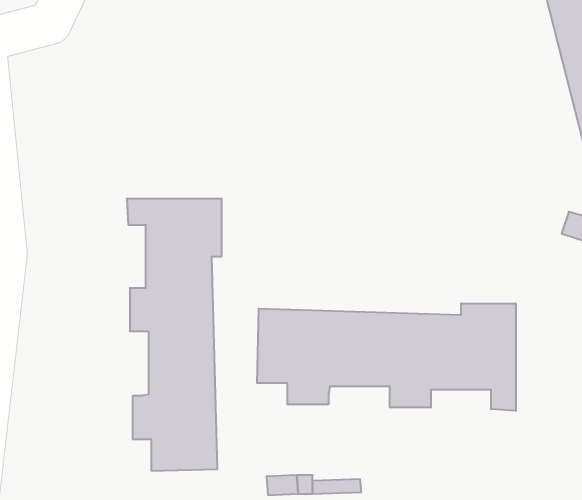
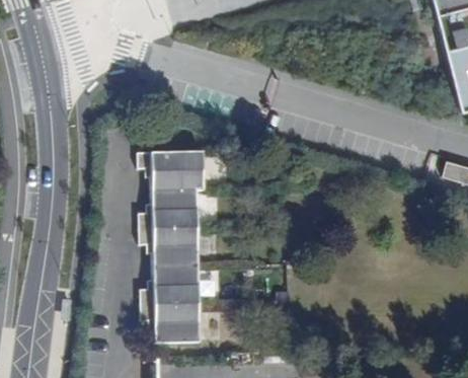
building: [257,303,516,411] -> none

